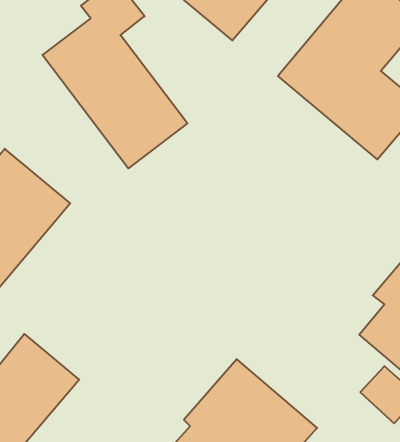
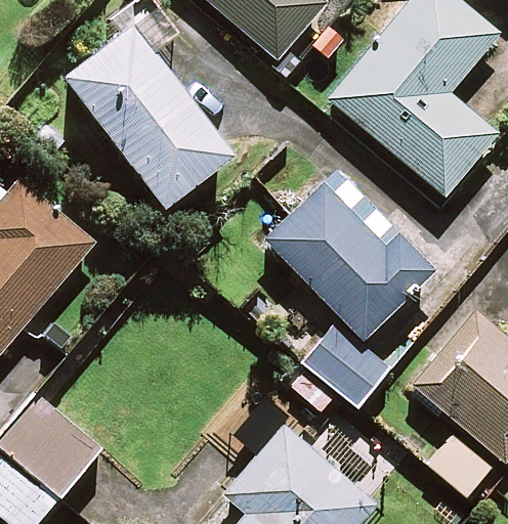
building: none -> [265,169,433,405]

